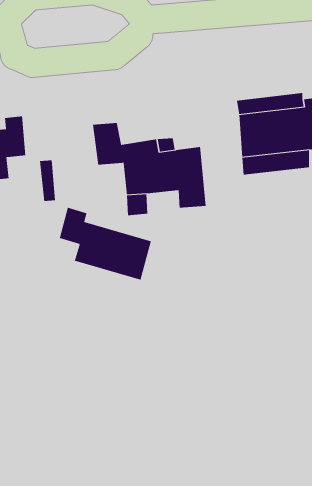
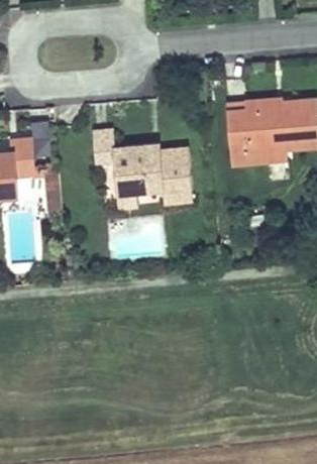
building: [59,207,151,280] -> none

